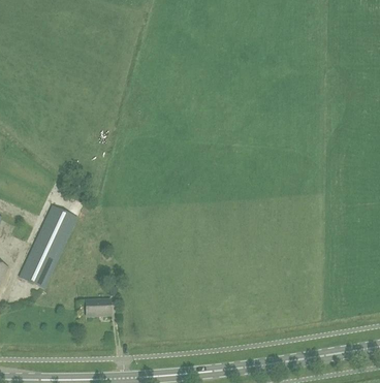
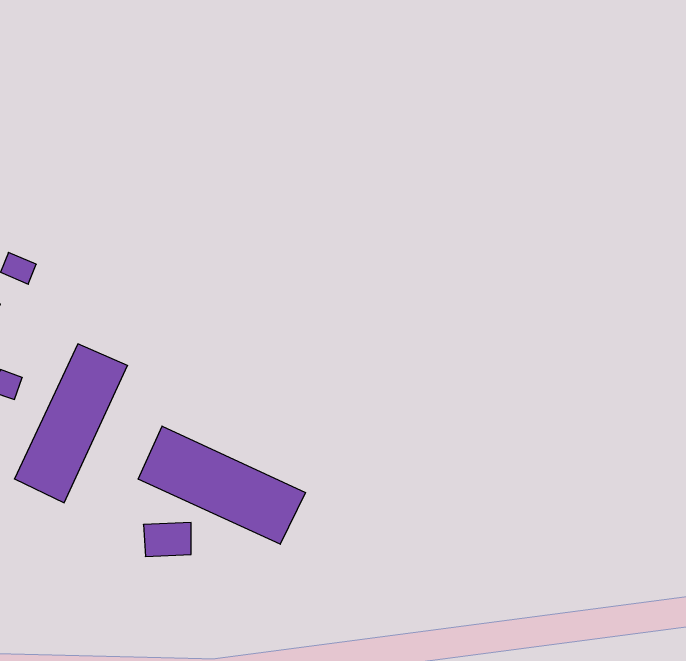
building: none -> [138,426,305,544]

